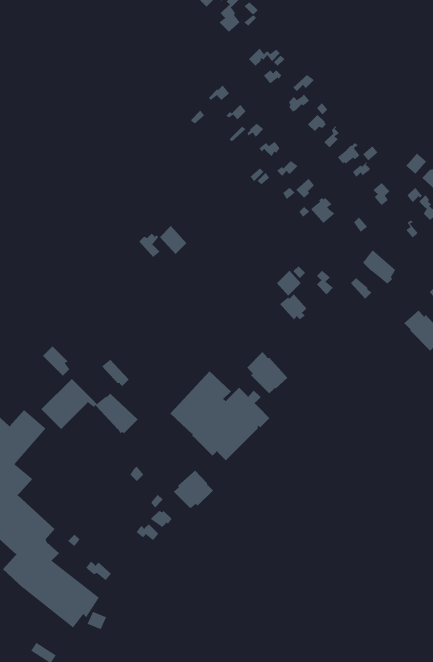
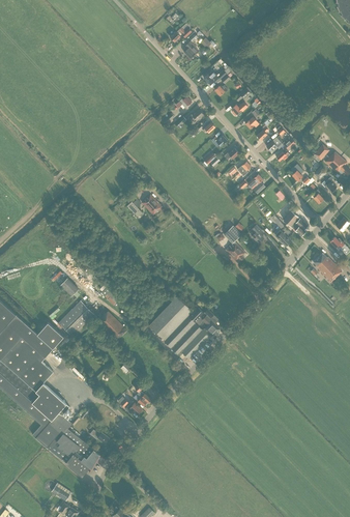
building: [247,351,288,394] -> none
building: [173,470,214,509] -> none

